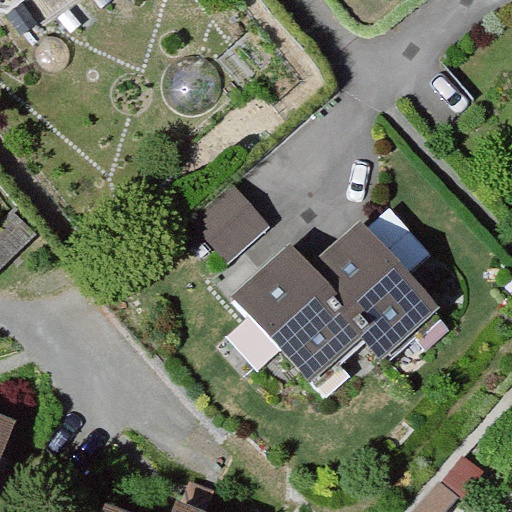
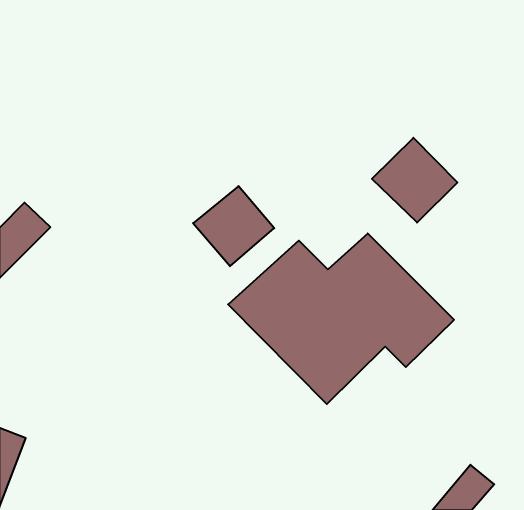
building: none -> [372,138,457,223]

